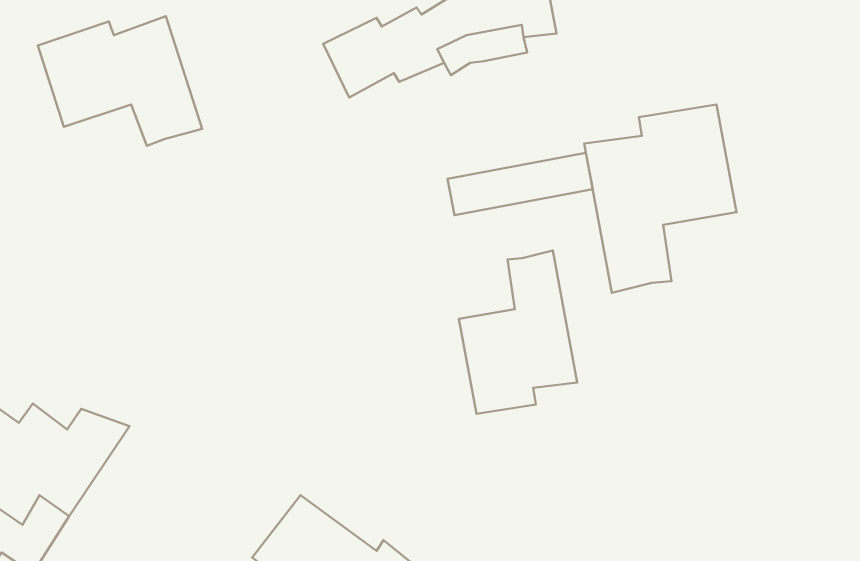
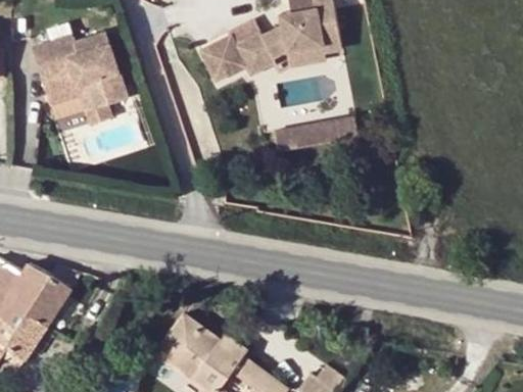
building: none -> [46,86,110,127]
building: [584,105,737,293] -> none
building: [459,251,577,414] -> none

